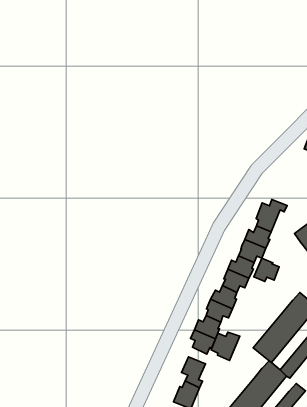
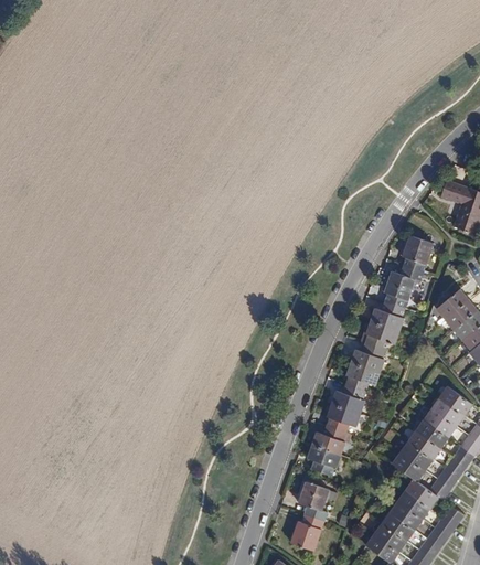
building: none -> [403,235,434,273]
building: [254,258,279,281] -> none
building: [211,332,240,361] -> none

